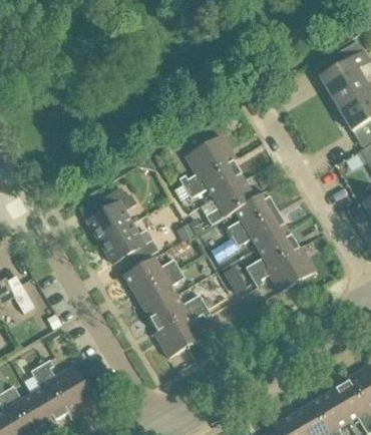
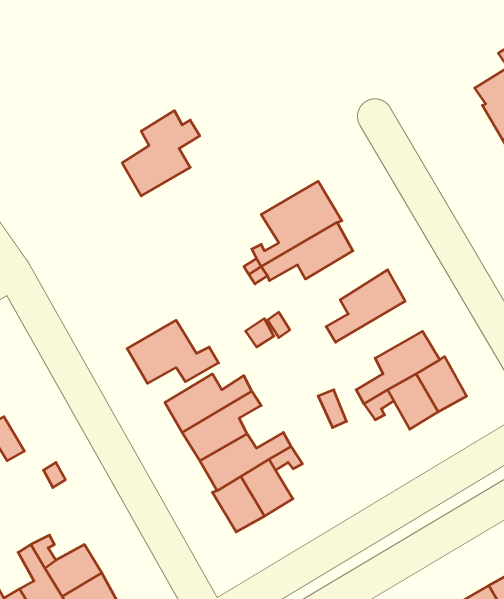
building: [205,178,254,225] -> none
building: [87,186,136,241] -> [122,111,200,196]
building: [232,210,287,247] -> none

